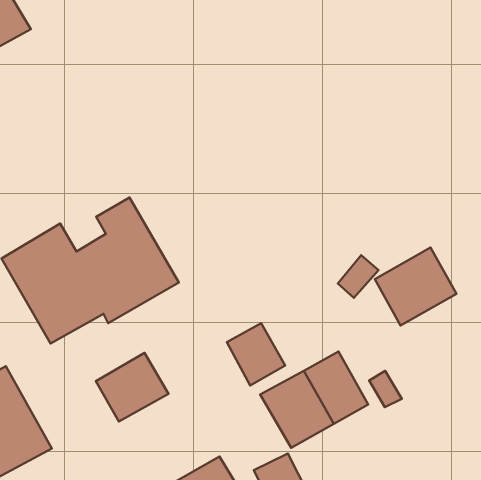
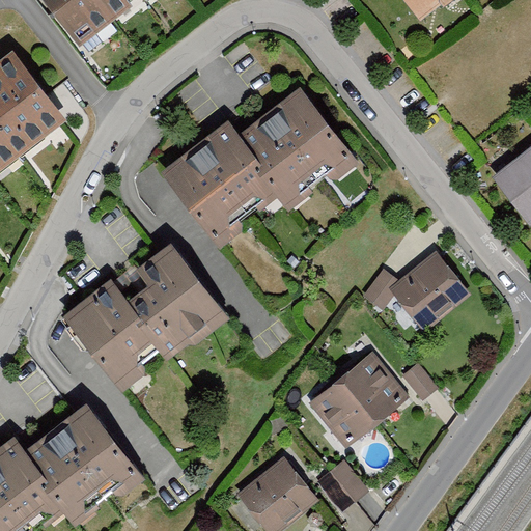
building: none -> [168,94,350,241]
building: [227,323,285,386] -> none
building: [96,353,169,421] -> none

